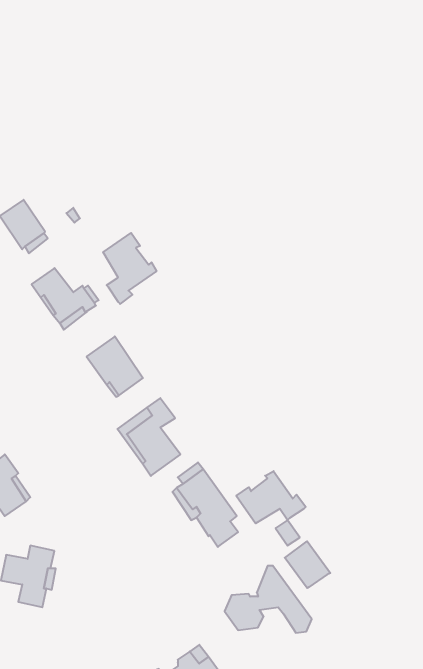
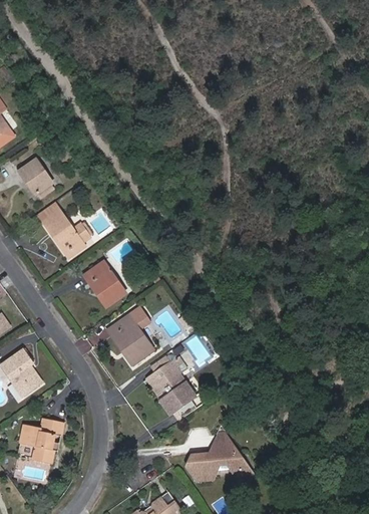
building: [103,233,156,304] -> none
building: [236,471,306,523] -> none
building: [285,541,330,588] -> none

